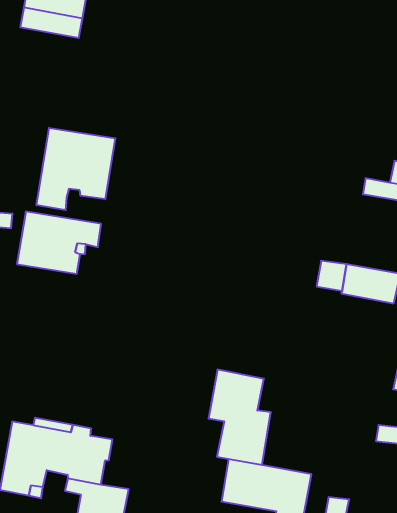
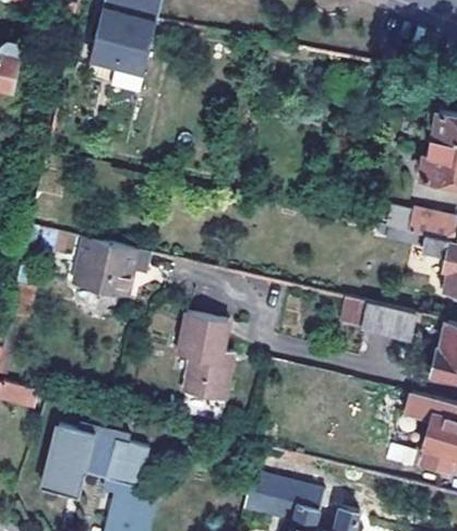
building: [37,128,115,210] -> none
building: [208,370,271,465] -> [177,312,233,400]

